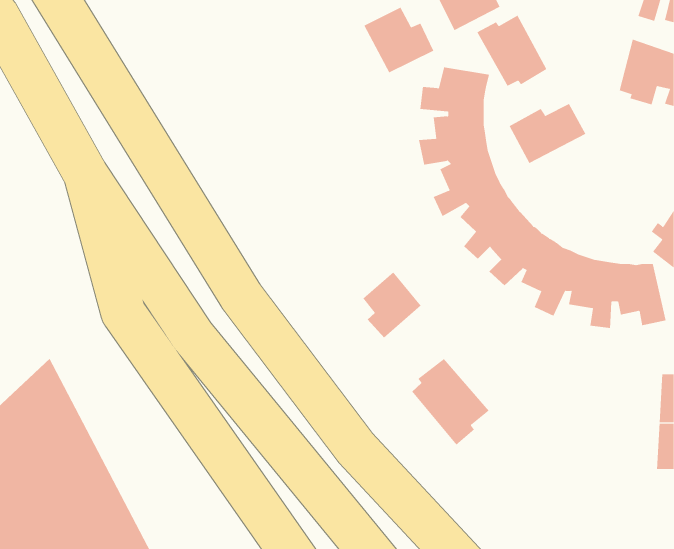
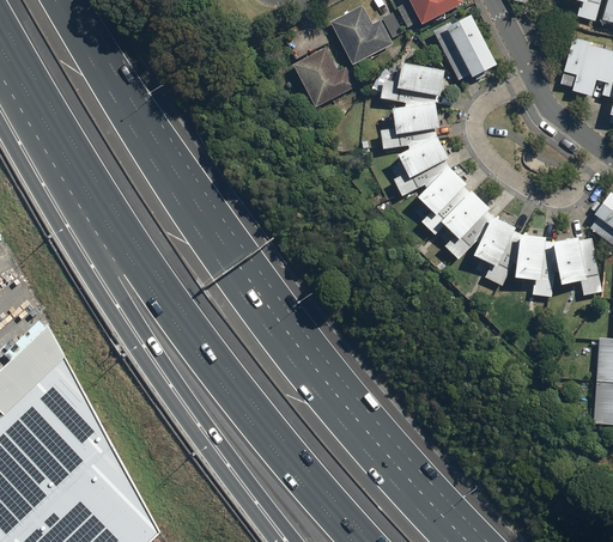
building: none -> [292,48,356,108]
building: [509,103,586,164] -> none
building: [362,272,422,338] -> none
building: [411,358,489,446] -> none

